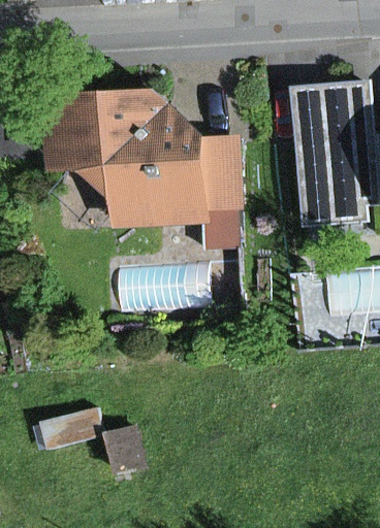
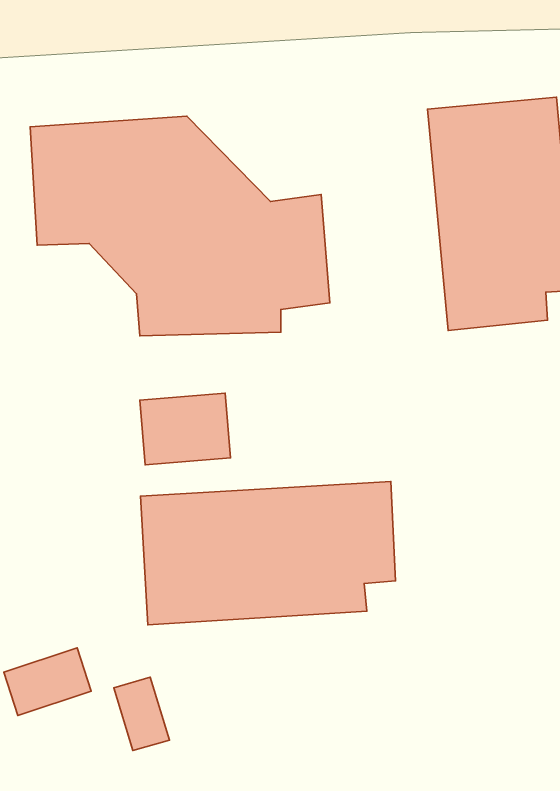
building: none -> [140,481,395,625]

